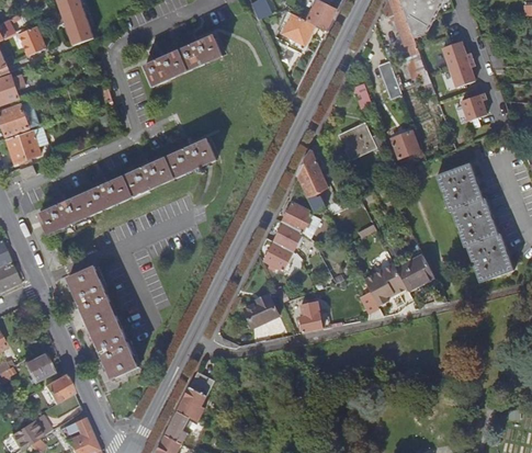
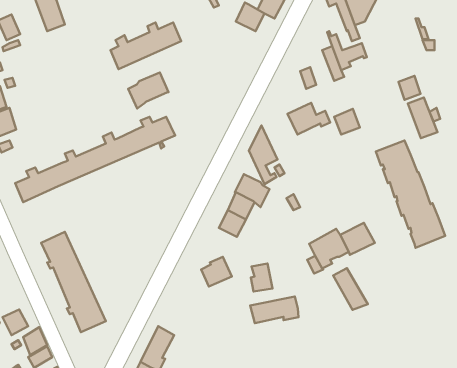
building: [442,42,475,87] -> [408,97,438,138]
building: none -> [128,73,169,108]
building: none -> [333,268,368,310]
building: none -> [250,297,298,323]

